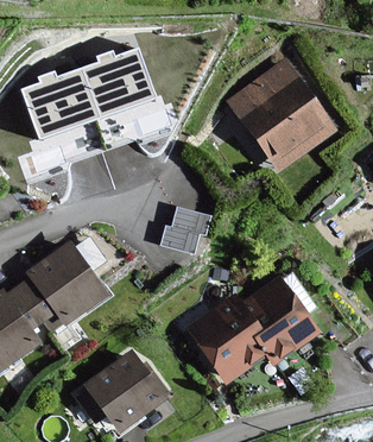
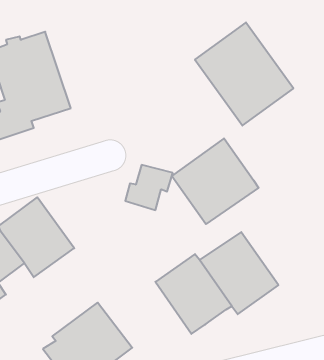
building: [78,50,177,149] -> none
building: none -> [172,138,259,224]

